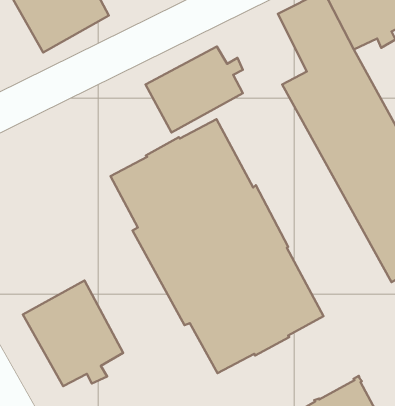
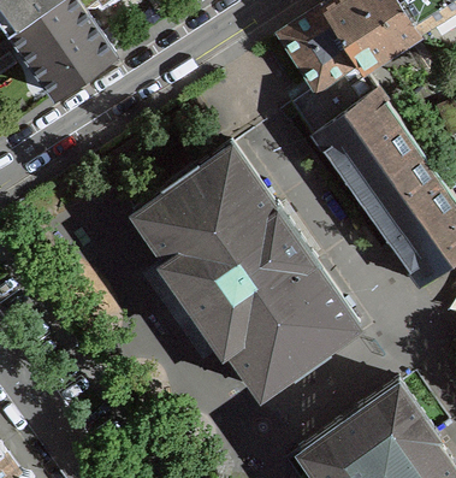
building: [146,47,243,133] -> none
building: [23,281,123,386] -> none

